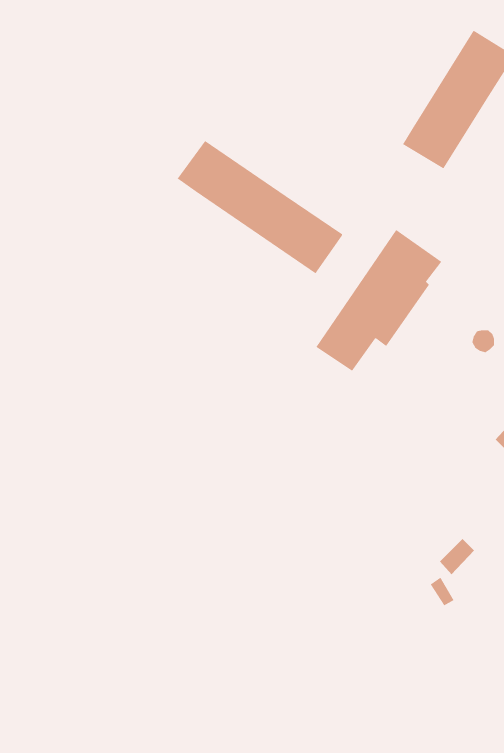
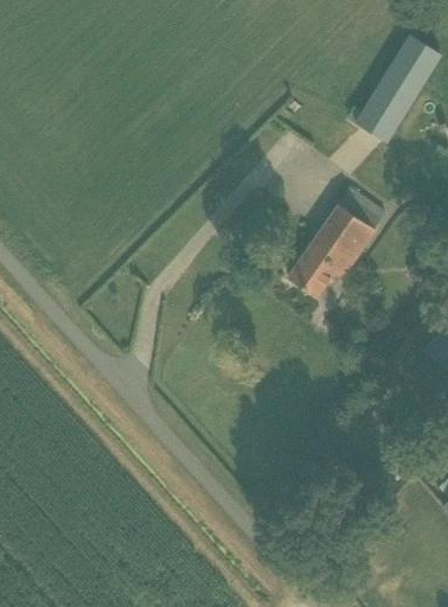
building: [177,140,343,274] -> none

